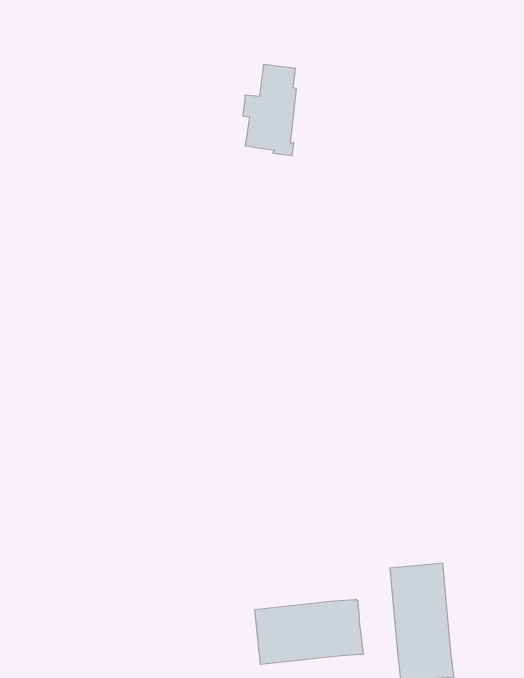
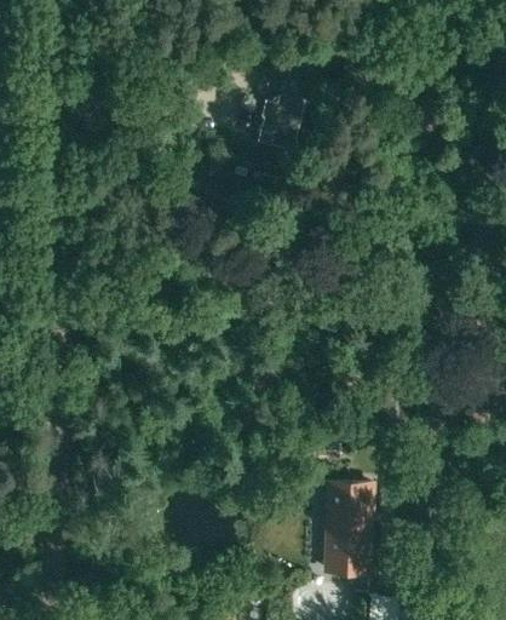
building: [255,599,363,665] -> none

